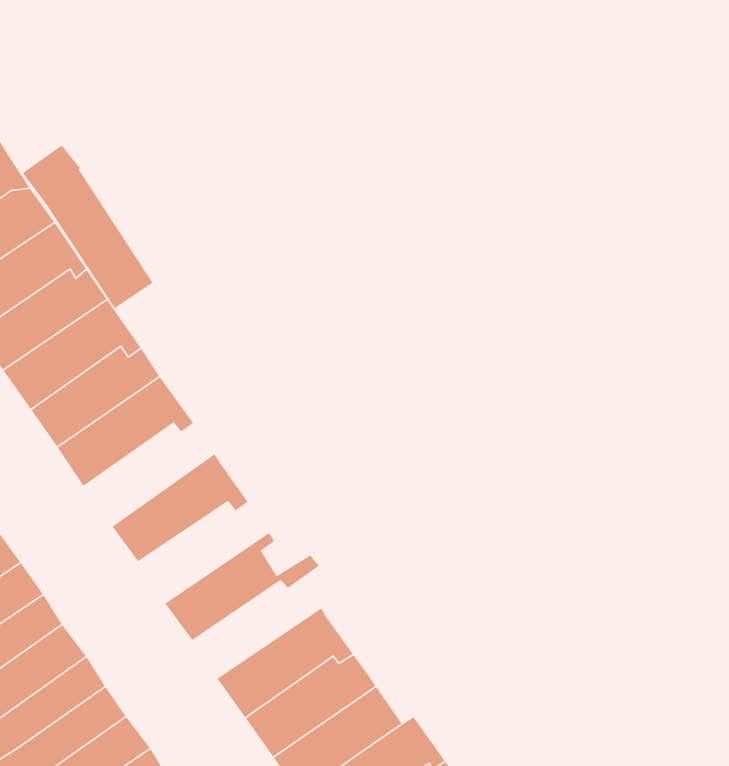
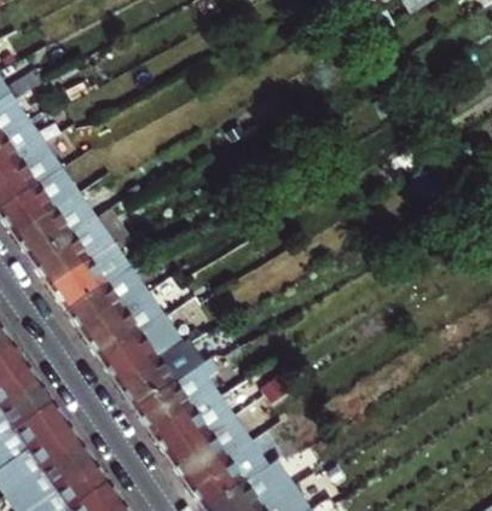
building: [22,144,154,309] -> none
building: none -> [65,274,150,341]
building: none -> [100,323,185,390]
building: none -> [135,366,220,439]

